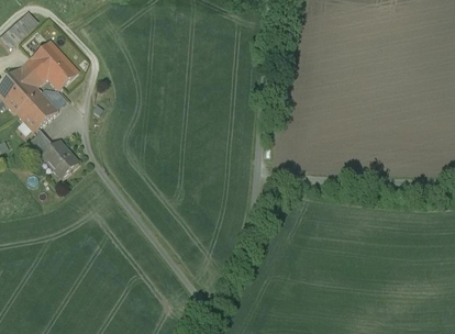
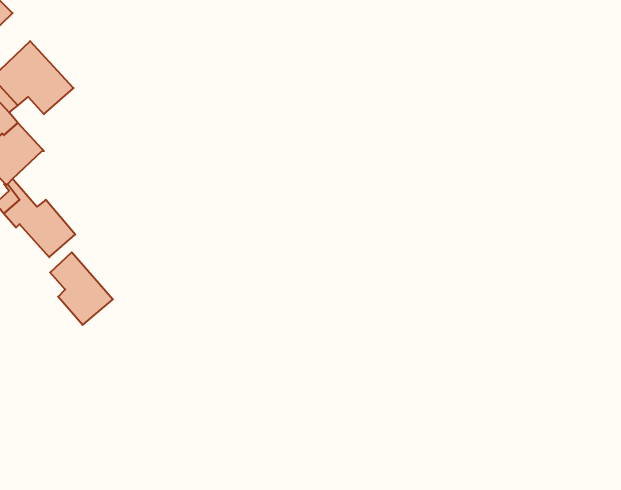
building: none -> [50,252,113,325]

